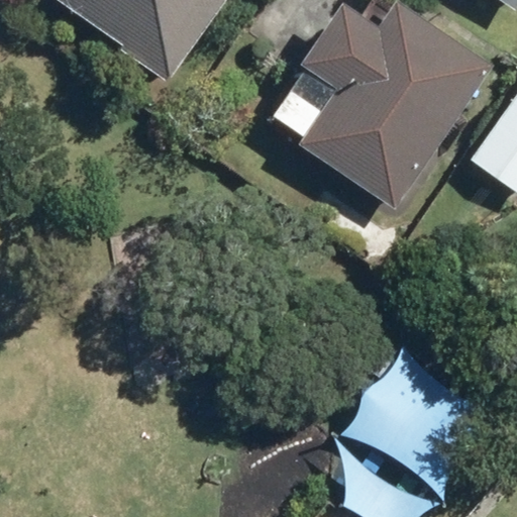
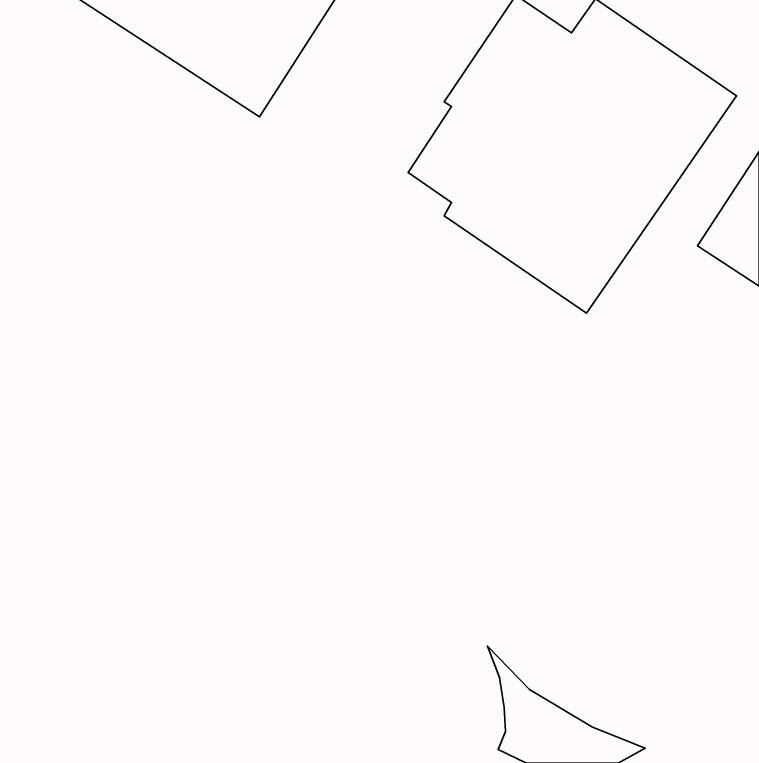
building: [336,343,497,499] -> none

